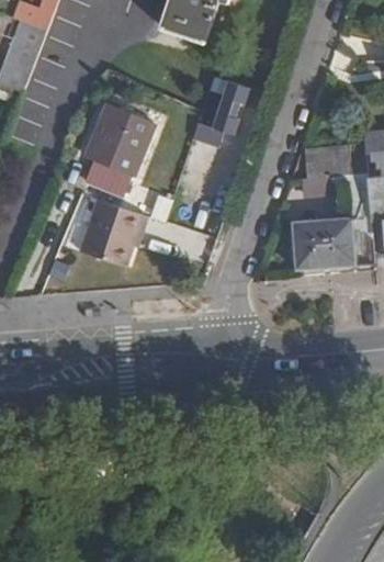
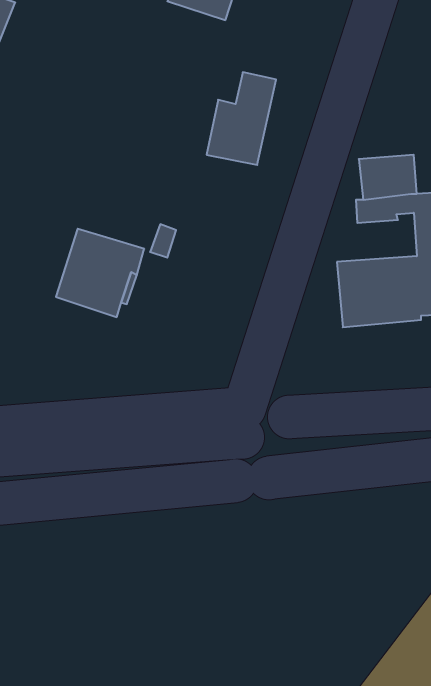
building: [79,101,151,205] -> none

